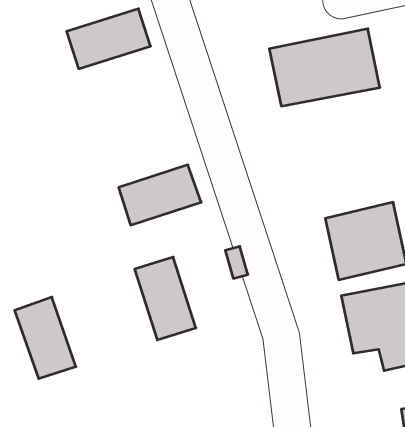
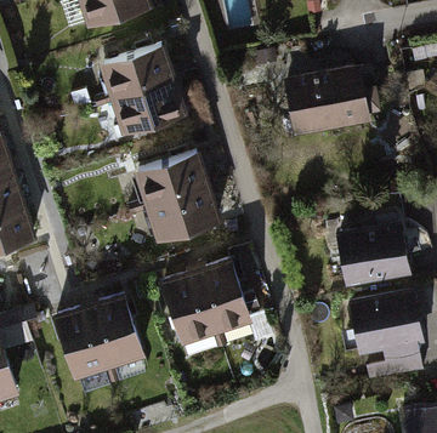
building: none -> [110,78,187,132]
building: none -> [135,150,210,206]
building: none -> [197,258,249,334]
building: none -> [86,295,140,369]

